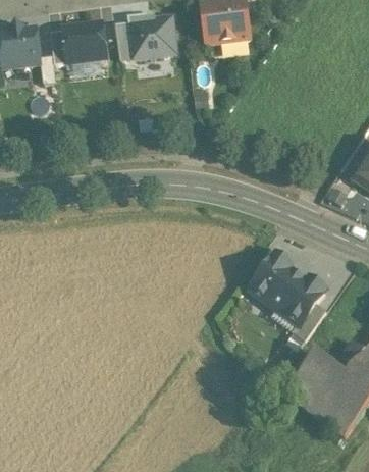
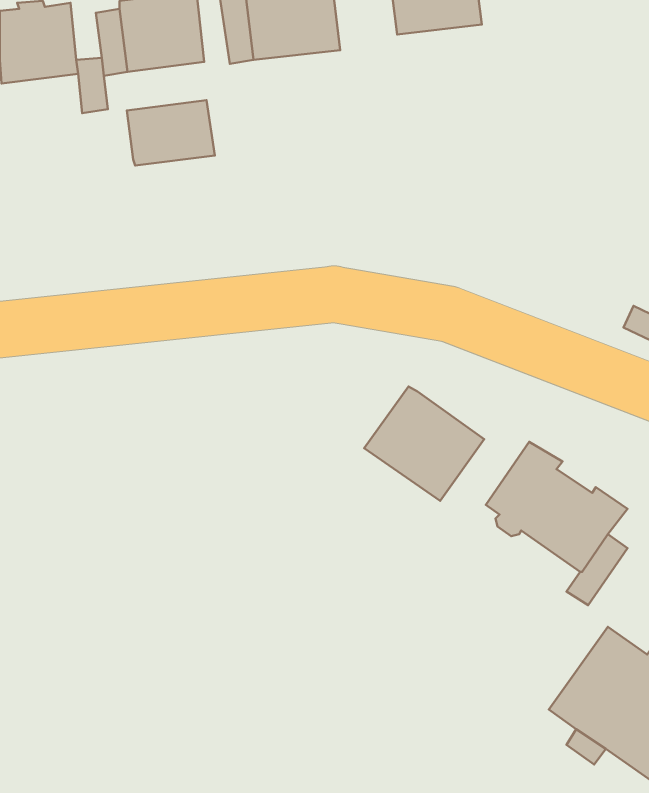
building: none -> [127,100,215,166]
building: none -> [364,386,484,501]

